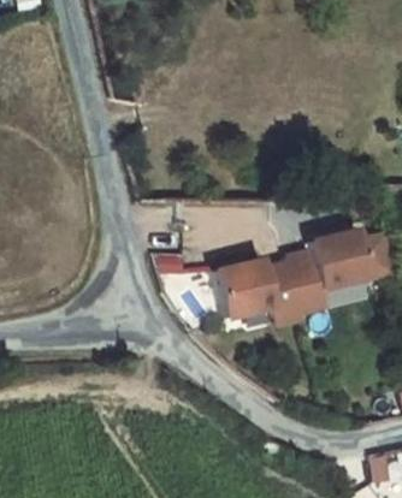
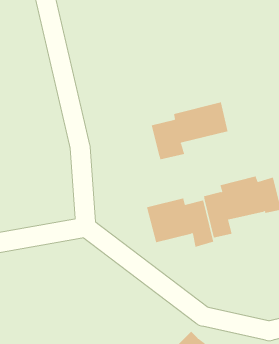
building: none -> [151,102,228,160]

